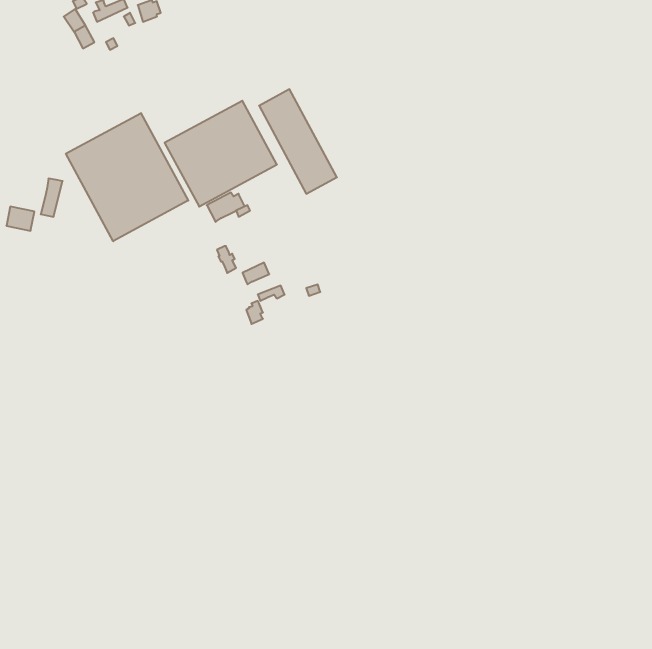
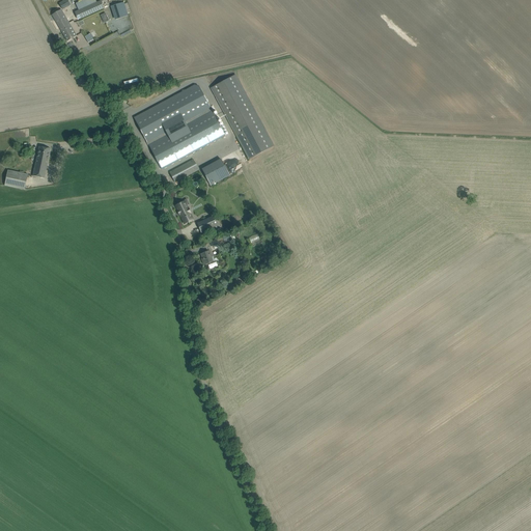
building: [66,113,188,241] -> none
building: none -> [203,155,229,183]

